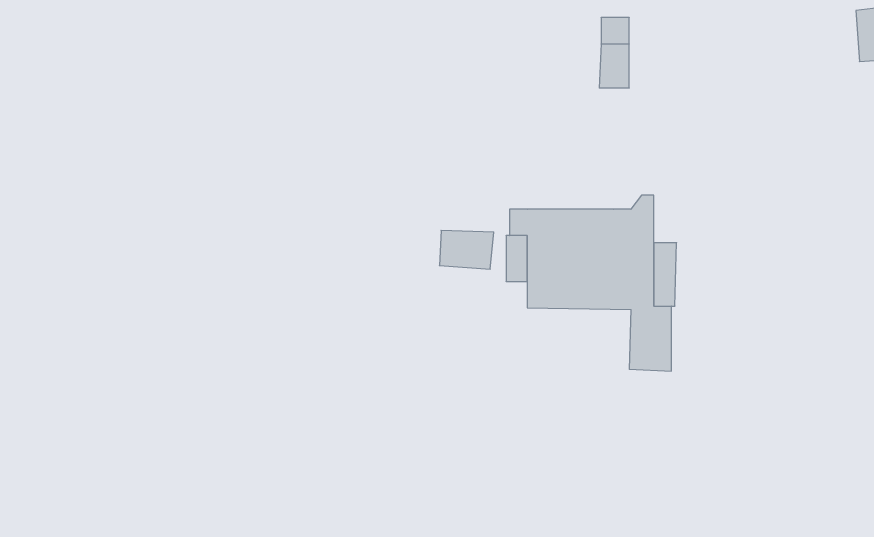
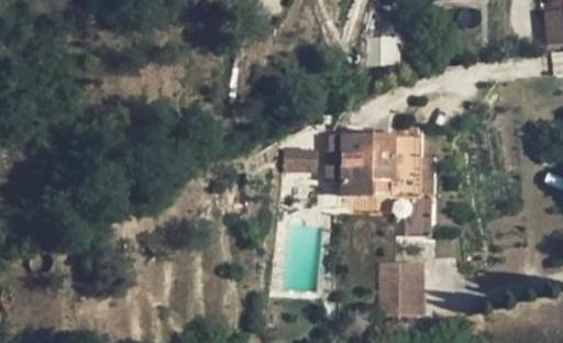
building: none -> [379,262,423,316]

